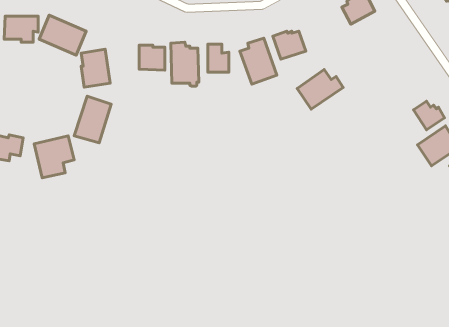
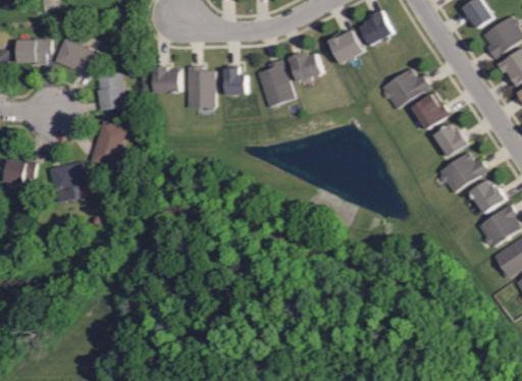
building: none -> [325,32,363,65]
building: none -> [412,92,449,128]
building: [297,69,343,109] -> [382,68,429,109]

